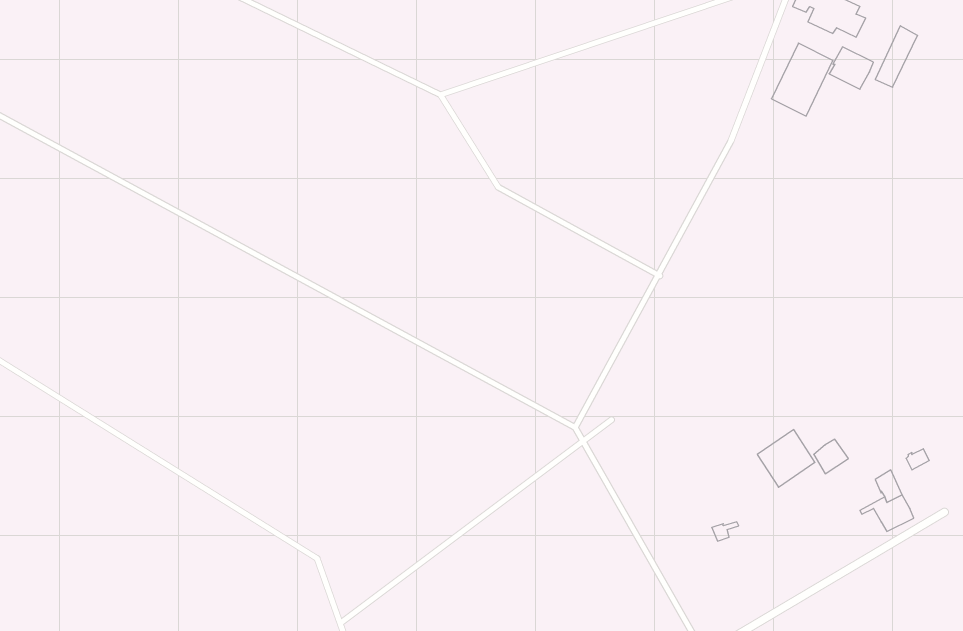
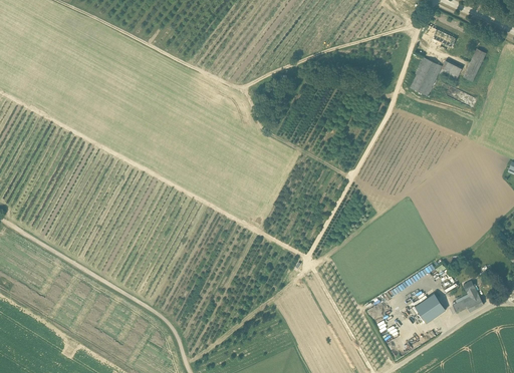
building: [757,430,815,487] -> [415,293,445,323]

